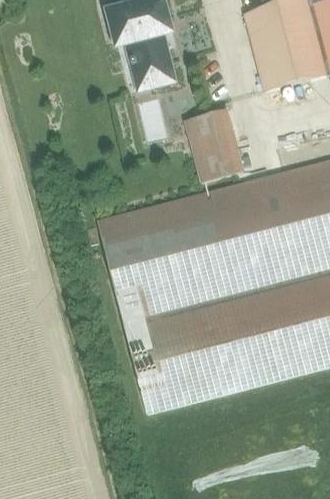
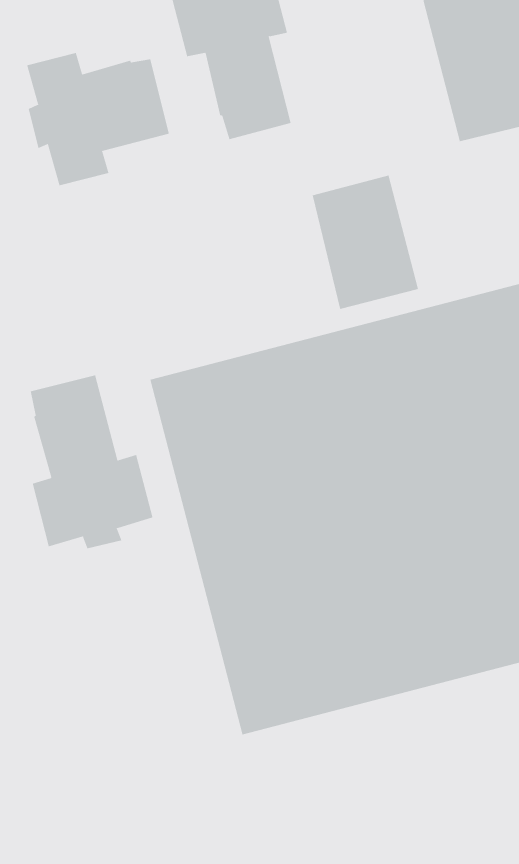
building: none -> [26,52,169,186]
building: none -> [30,374,153,549]

